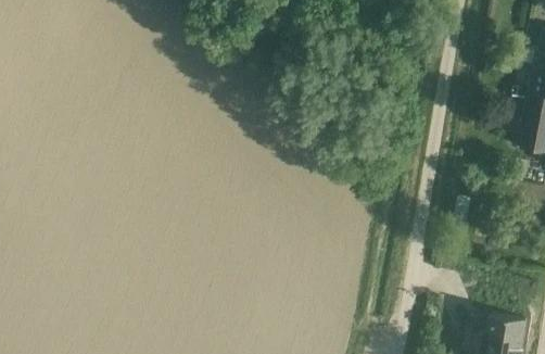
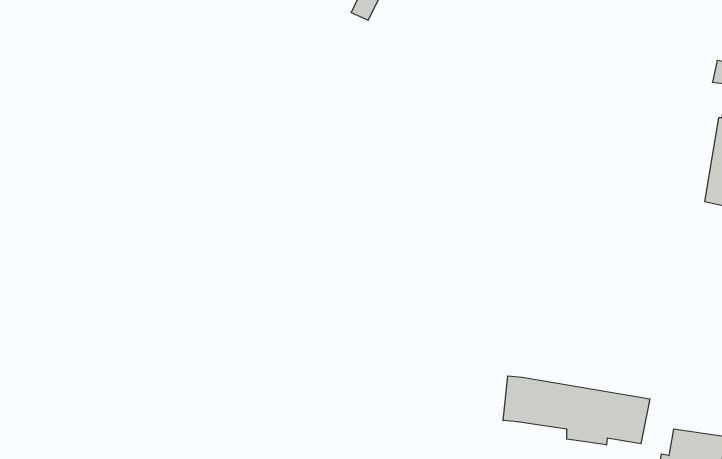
building: none -> [503,376,650,445]

